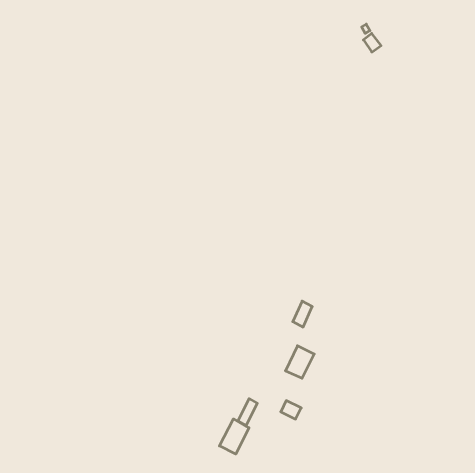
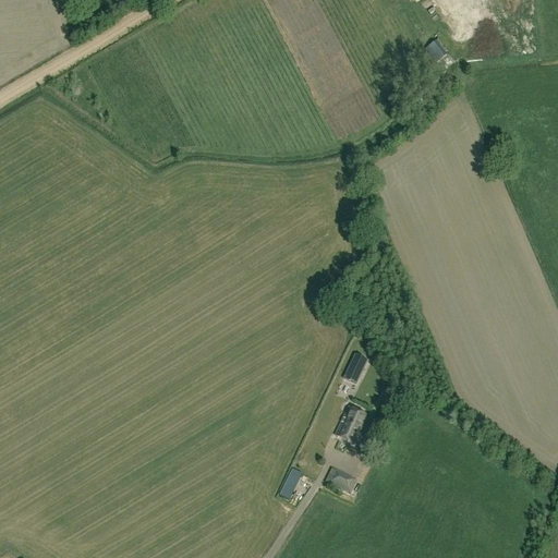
building: [219,419,249,454] -> none

